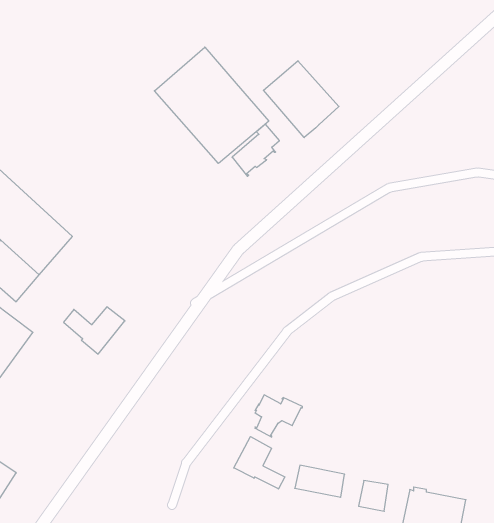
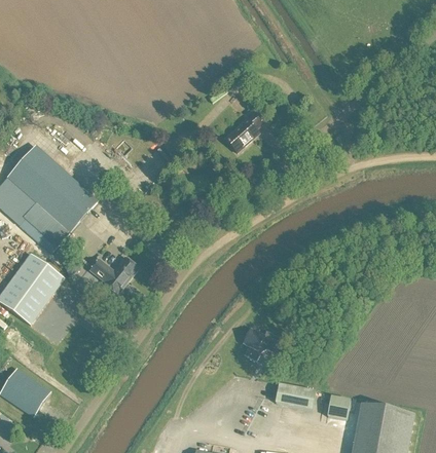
building: [154,47,269,163] -> none
building: [263,61,339,138] -> none
building: [234,437,285,489] -> none

